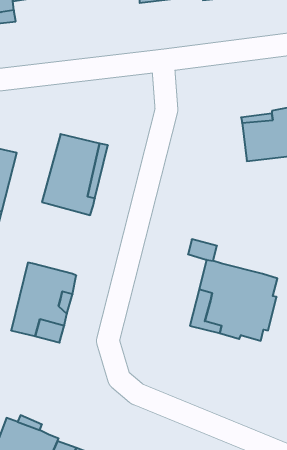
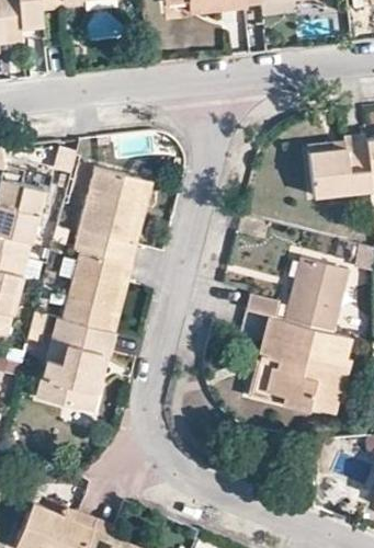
building: none -> [63,250,134,332]
building: none -> [285,255,351,332]

